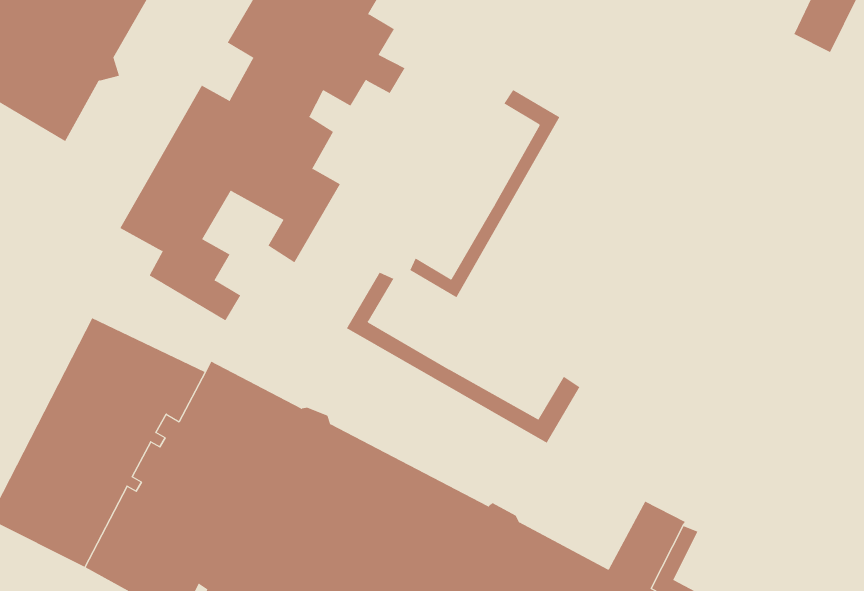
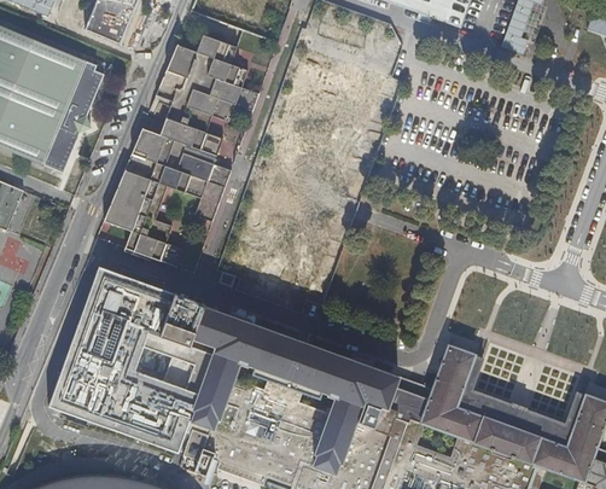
building: [410,89,560,298] -> none
building: [346,272,580,443] -> none

